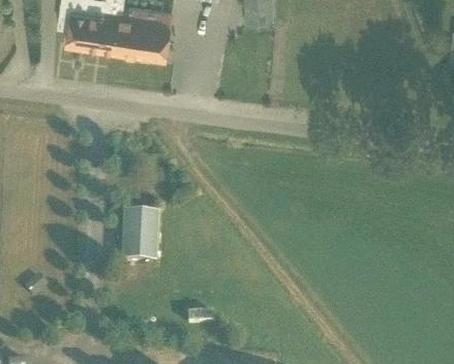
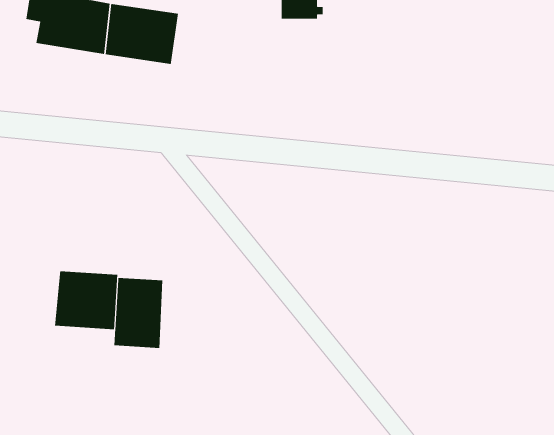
building: none -> [55,270,118,330]

